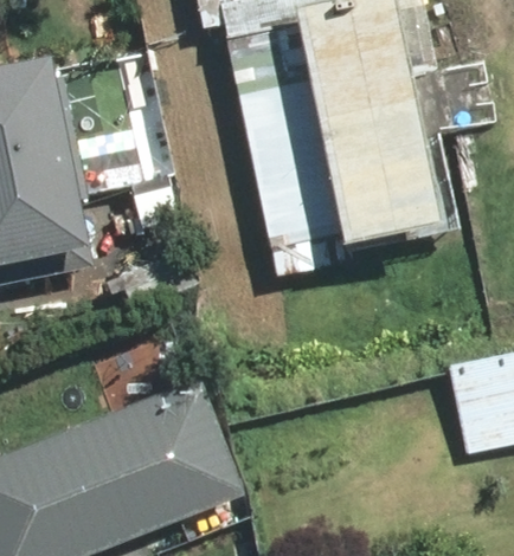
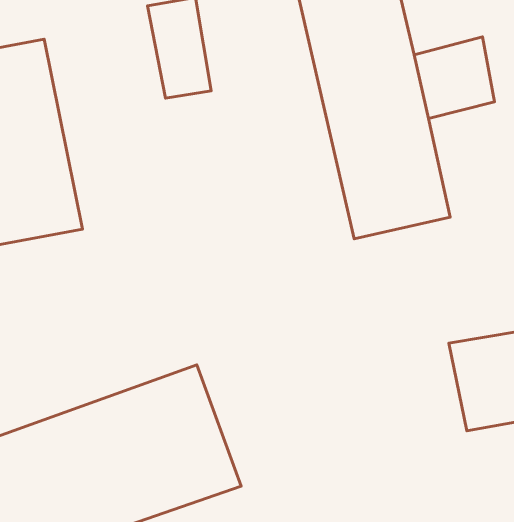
building: [227,30,355,273] -> none

